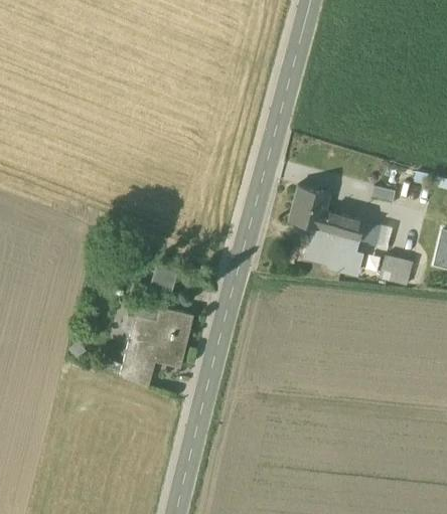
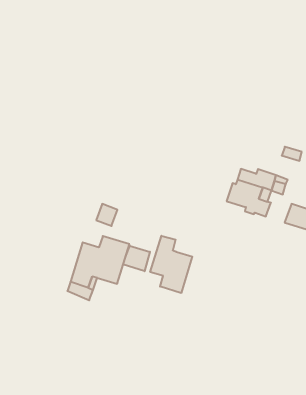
building: [289,185,329,229] -> none
building: none -> [150,236,192,293]
building: none -> [123,246,150,271]

